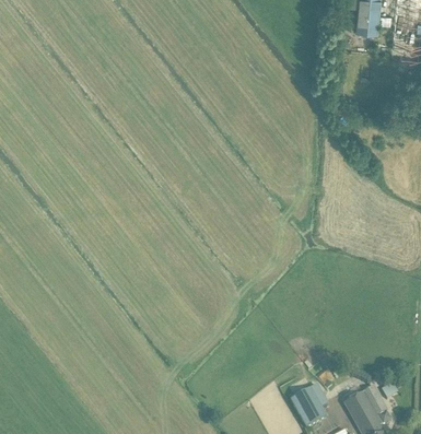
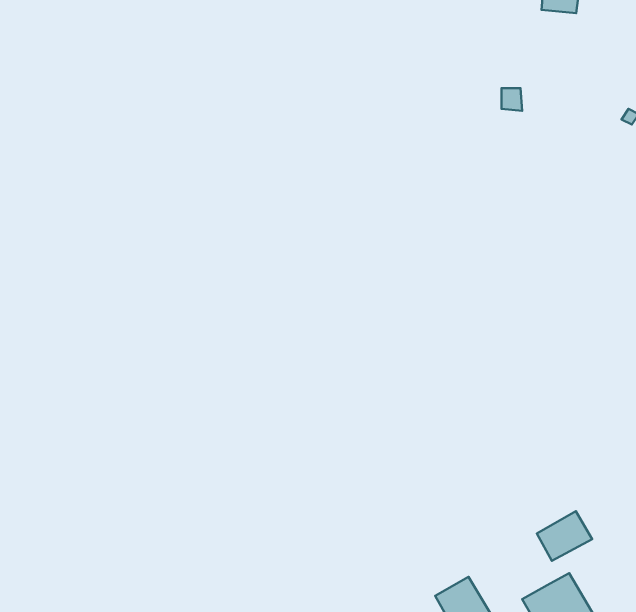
building: none -> [537,511,592,561]

